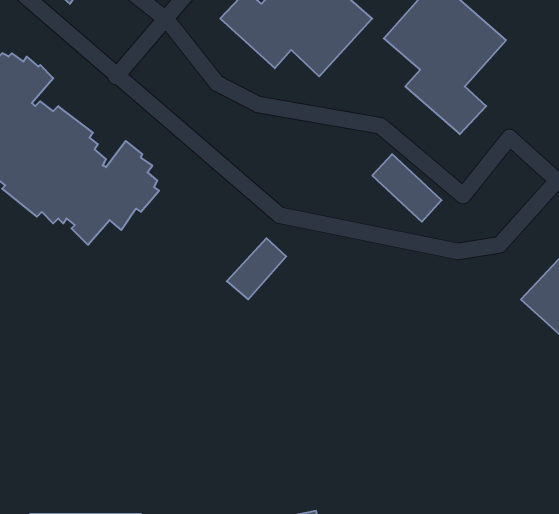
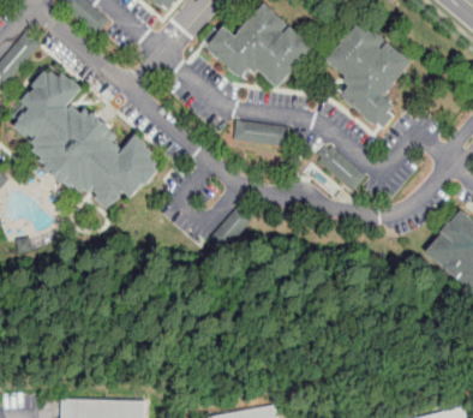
building: none -> [229,121,286,147]

